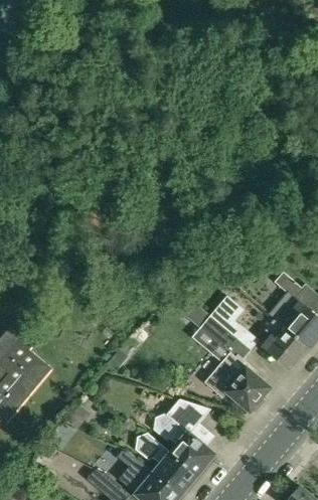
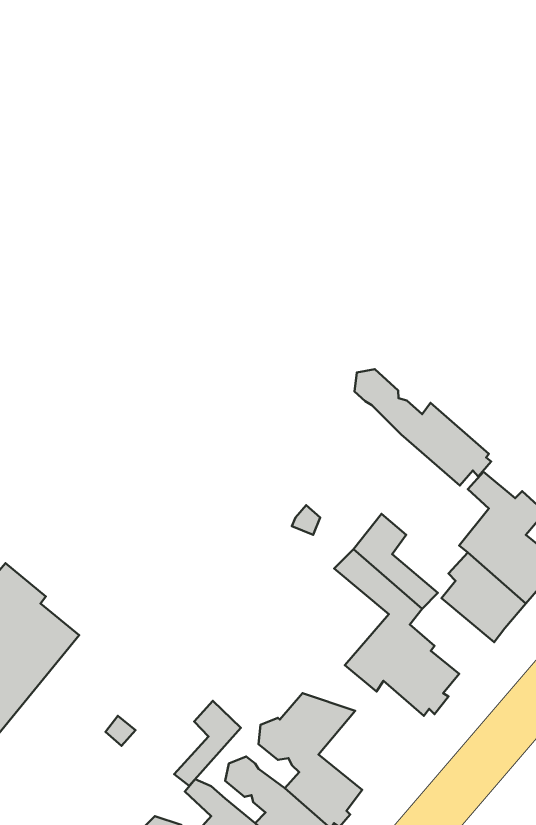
building: none -> [355,369,491,485]
building: none -> [174,701,241,786]

